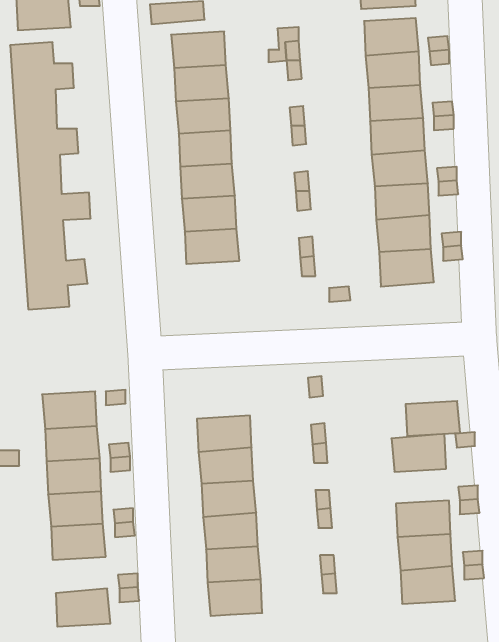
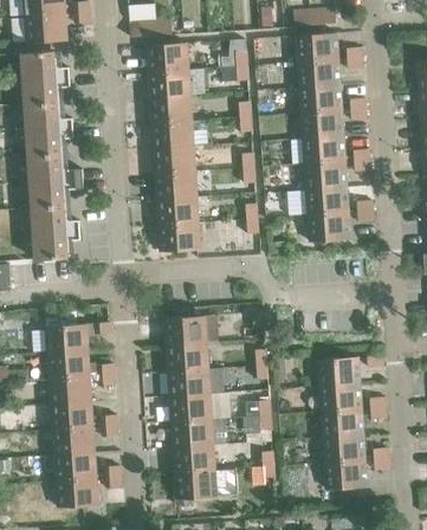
building: none -> [158,221,201,251]
building: none -> [164,315,208,344]
building: [406,401,460,436] -> [321,383,363,411]
building: none -> [54,452,97,480]

